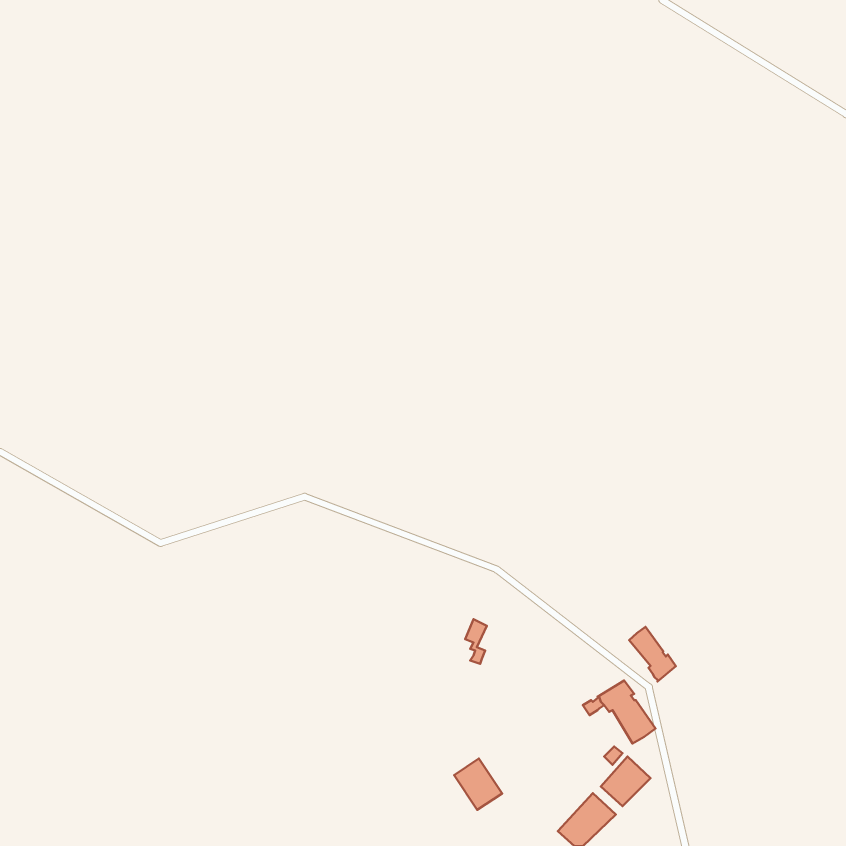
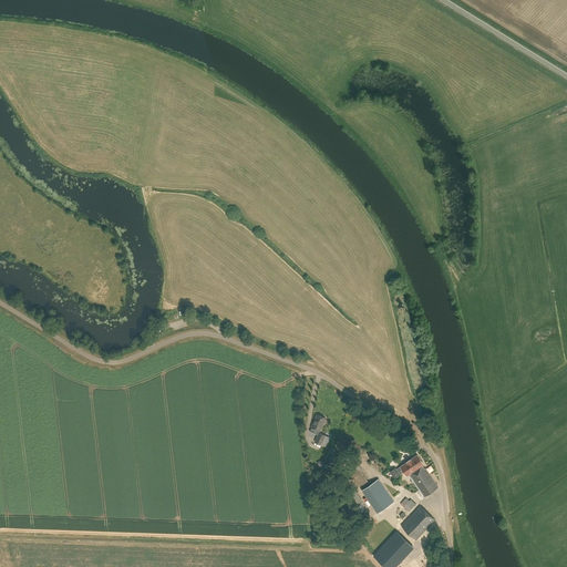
building: [629,627,676,681] -> none
building: [454,759,502,810] -> [362,478,394,513]

